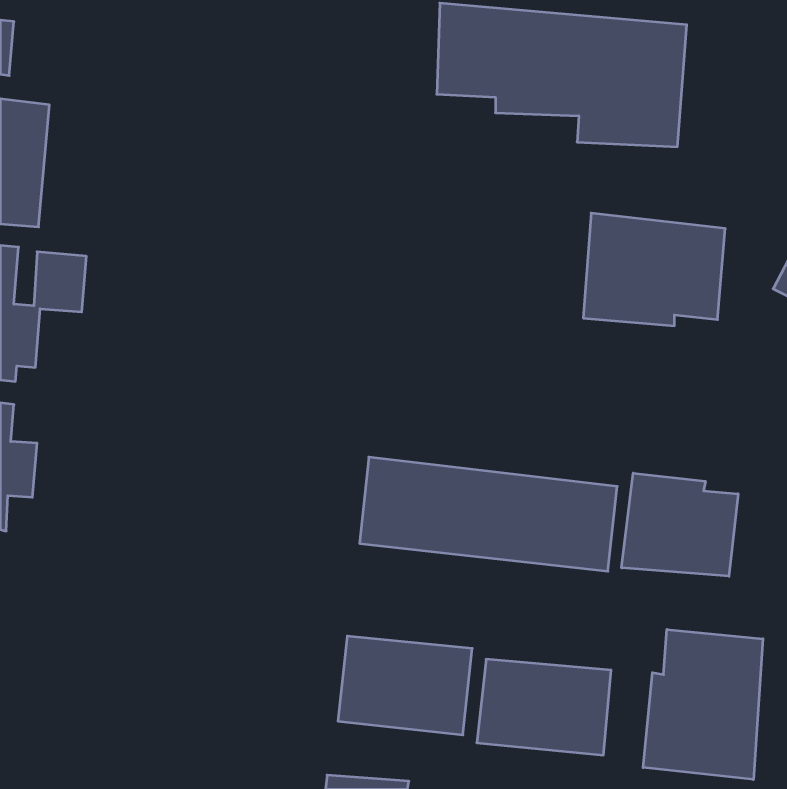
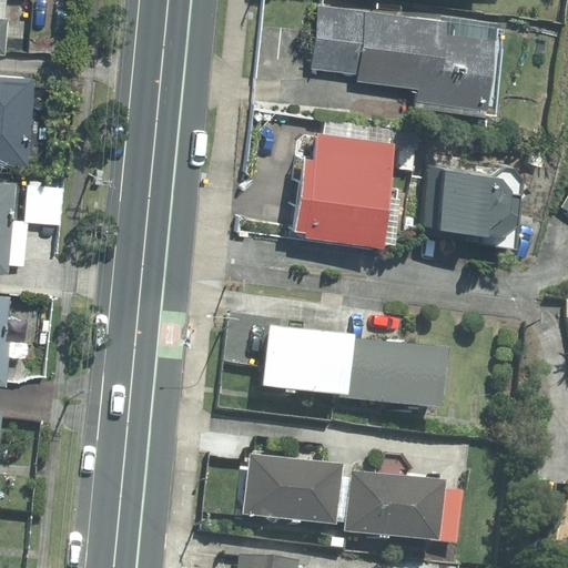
building: none -> [290,130,390,243]
building: [622,473,738,576] -> none
building: [643,629,763,780] -> none

